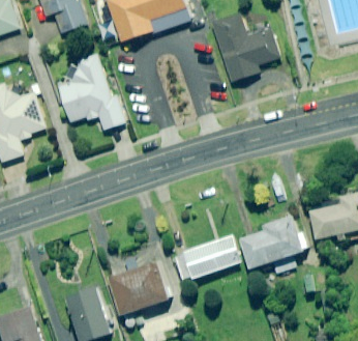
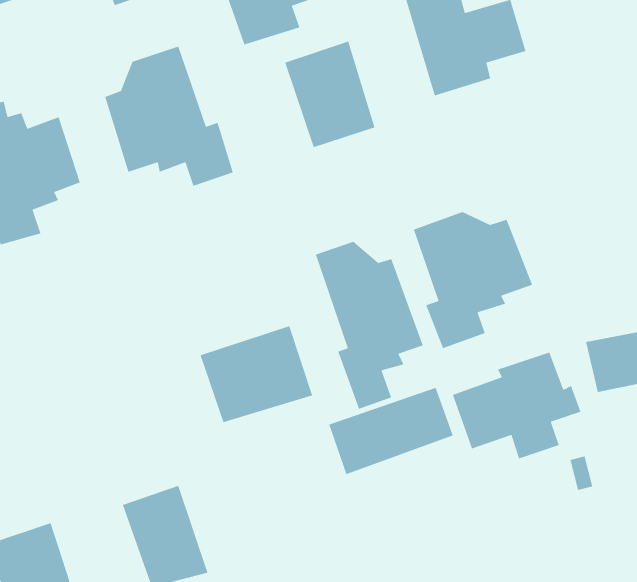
building: none -> [284,41,375,148]
building: none -> [413,211,533,349]
building: none -> [315,241,424,410]
building: [109,263,169,315] -> [199,325,313,423]

